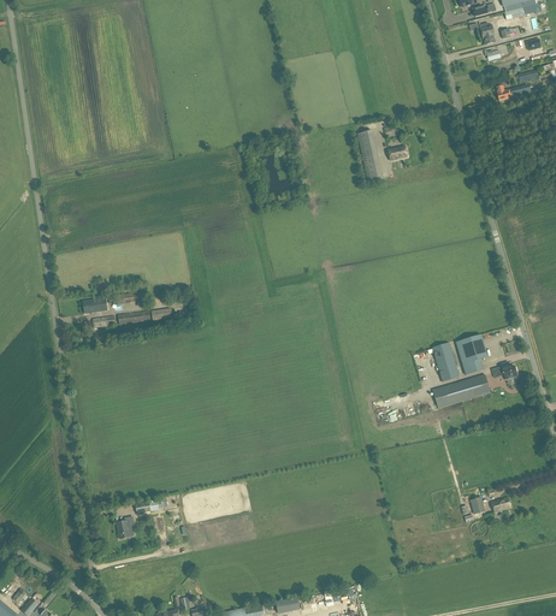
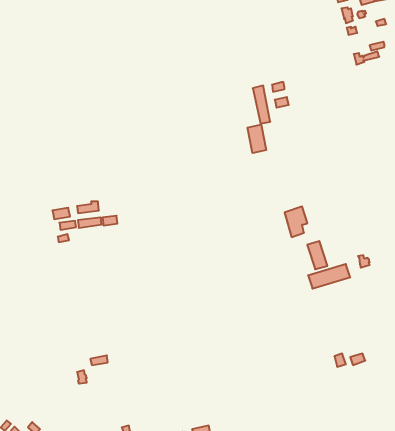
building: none -> [248,125,266,153]
building: [456,333,487,375] -> [285,206,307,237]

